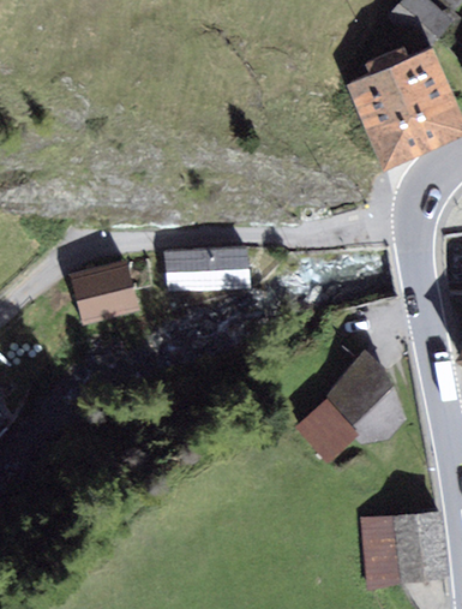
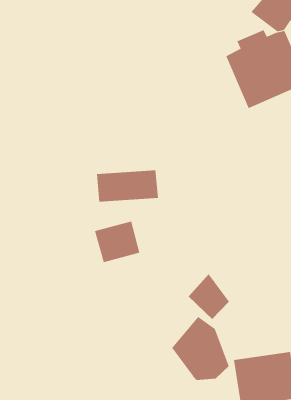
building: [68,264,134,324] -> [94,221,140,263]
building: [324,351,408,443] -> [171,316,230,380]

